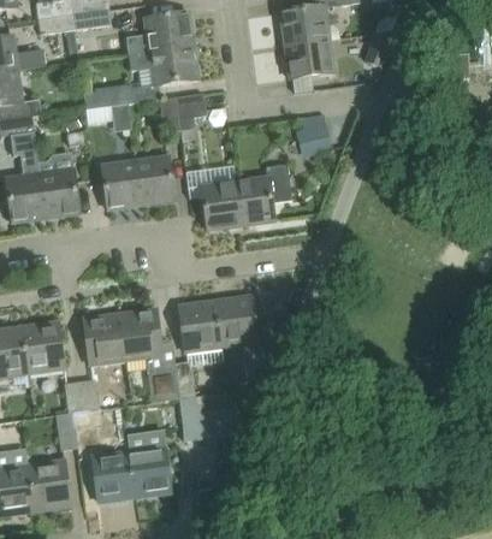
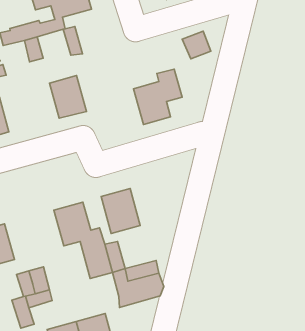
building: [174,91,206,140] -> none
building: [100,160,141,208] -> none
building: [184,165,241,229] -> none
building: [214,295,256,345] -> none
building: [83,313,125,363] -> none

